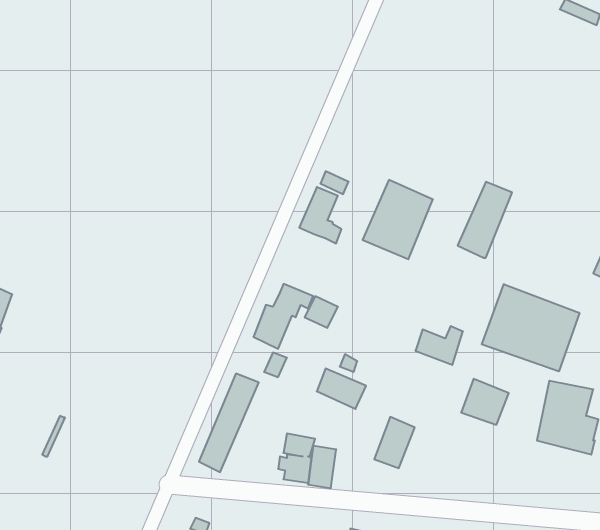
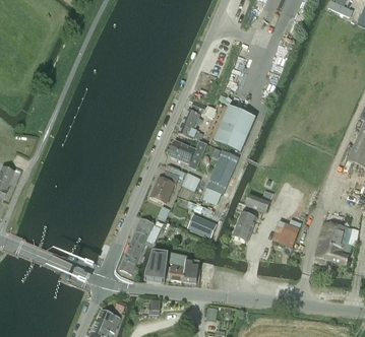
building: [458,182,512,258] -> [206,150,238,194]
building: none -> [169,140,196,164]
building: [482,284,579,371] -> none
building: [374,417,415,468] -> [233,211,256,241]
building: none -> [145,251,169,279]

